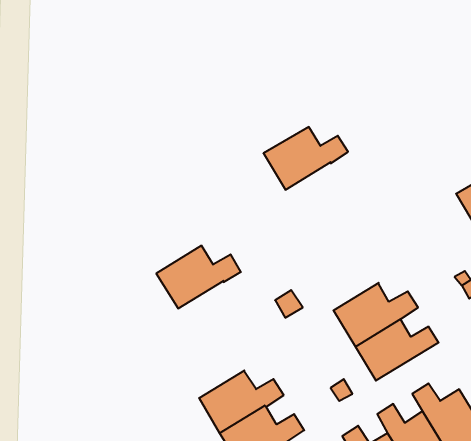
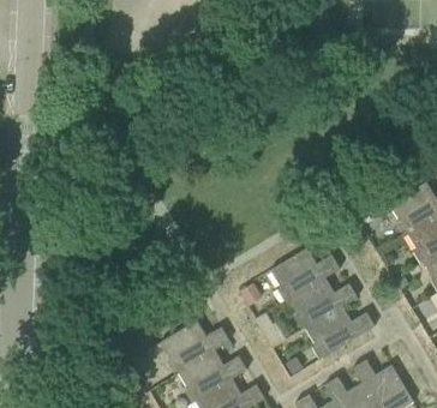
building: [263,127,348,190] -> [270,247,340,299]
building: [156,246,241,308] -> [160,319,229,371]

